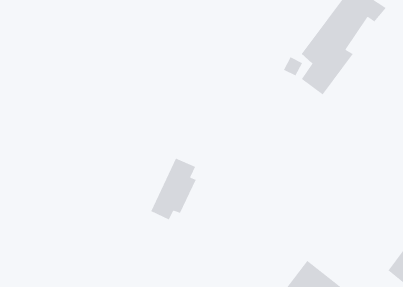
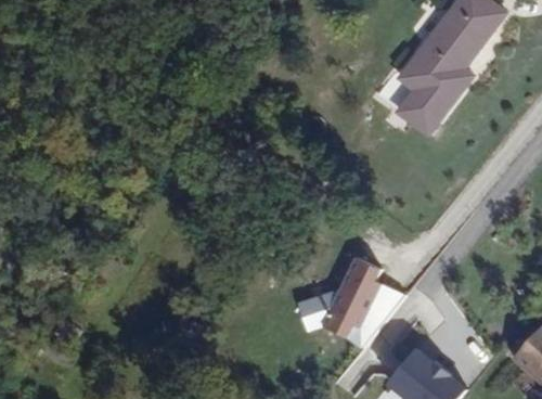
building: [150,158,197,221] -> [320,255,382,338]

